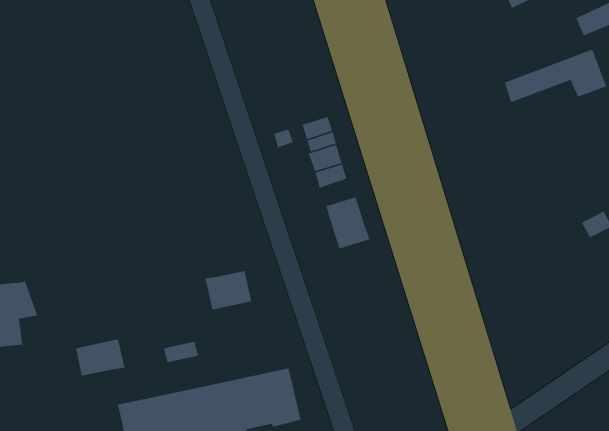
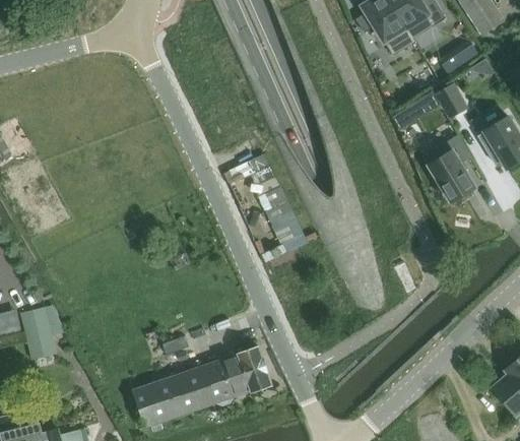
building: none -> [425,136,475,201]
building: [204,270,252,311] -> none
building: [75,338,126,377] -> none

